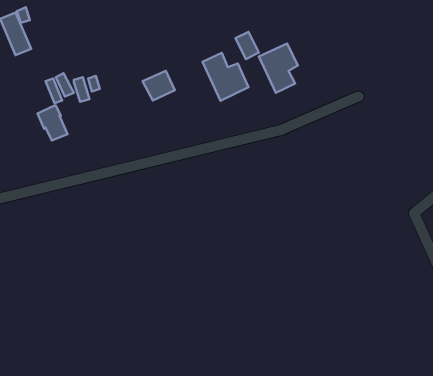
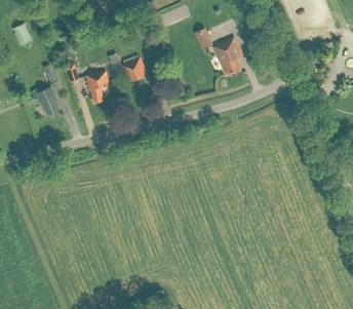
building: [202,53,249,101] -> none
building: none -> [85,72,110,104]

